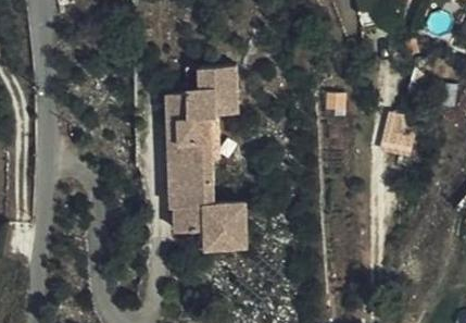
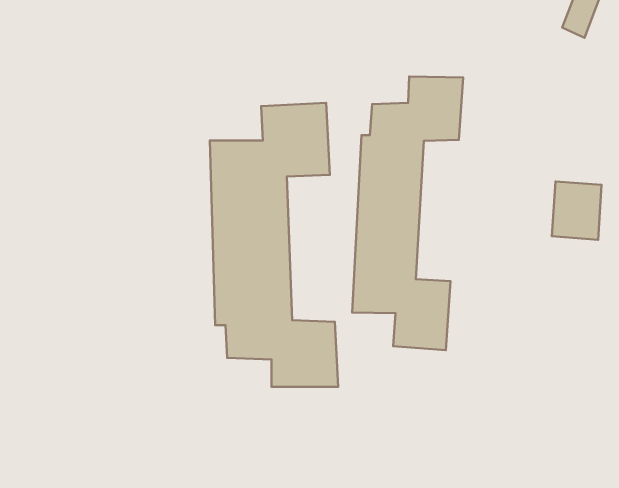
building: none -> [352,77,463,350]

